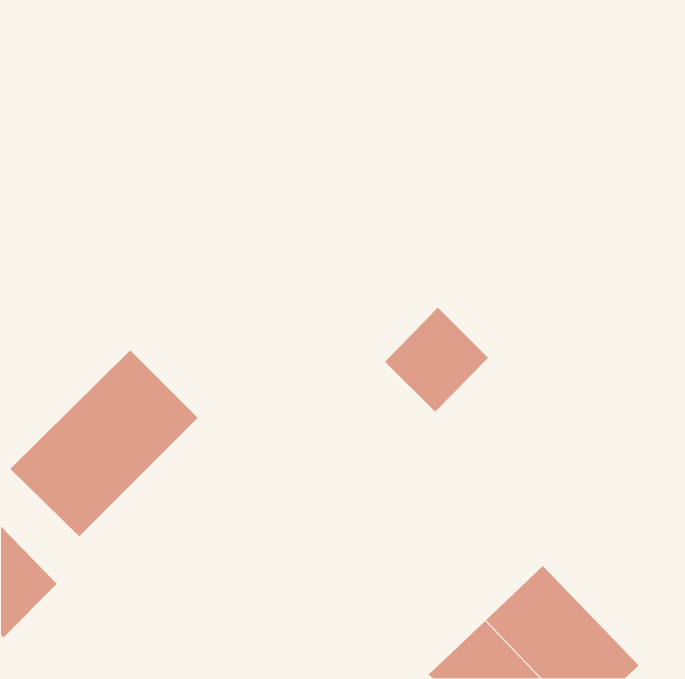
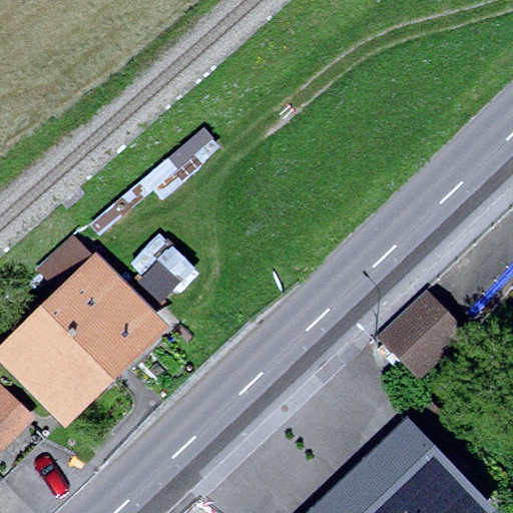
building: [384,307,489,413] -> [380,295,458,374]

